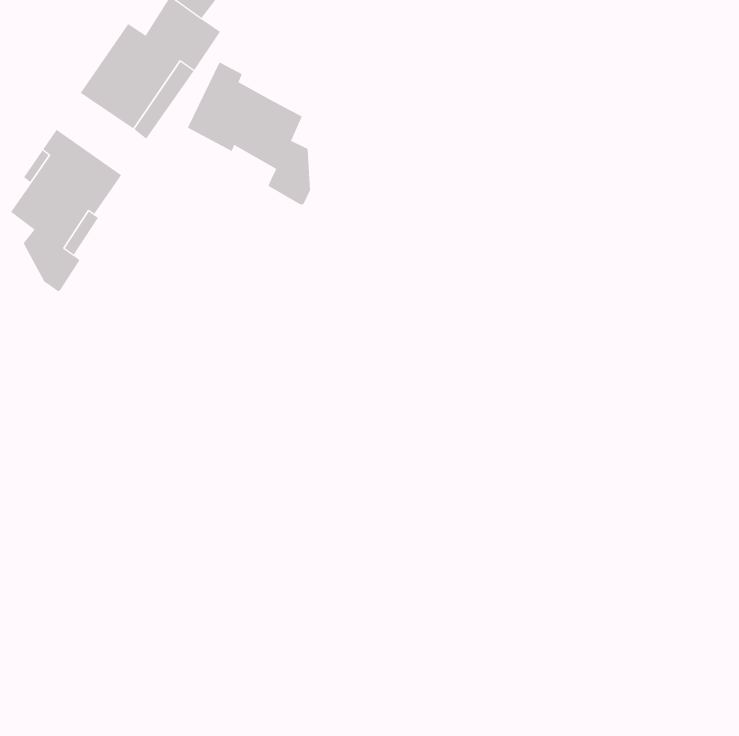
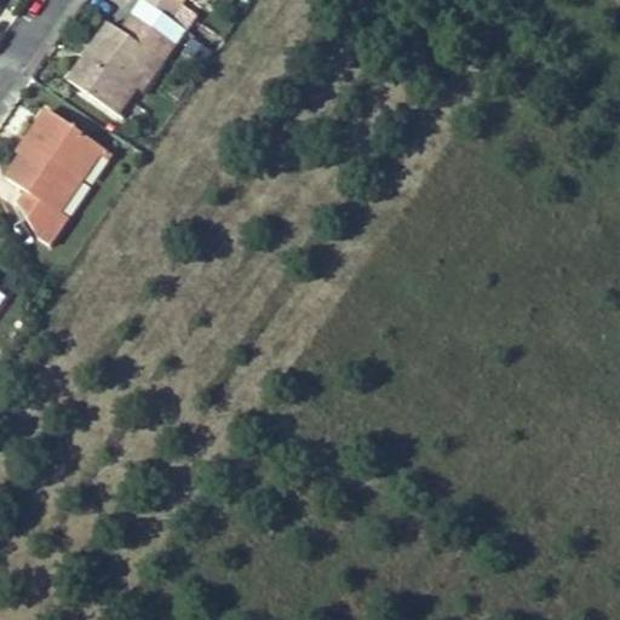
building: [187,62,311,205] -> none

